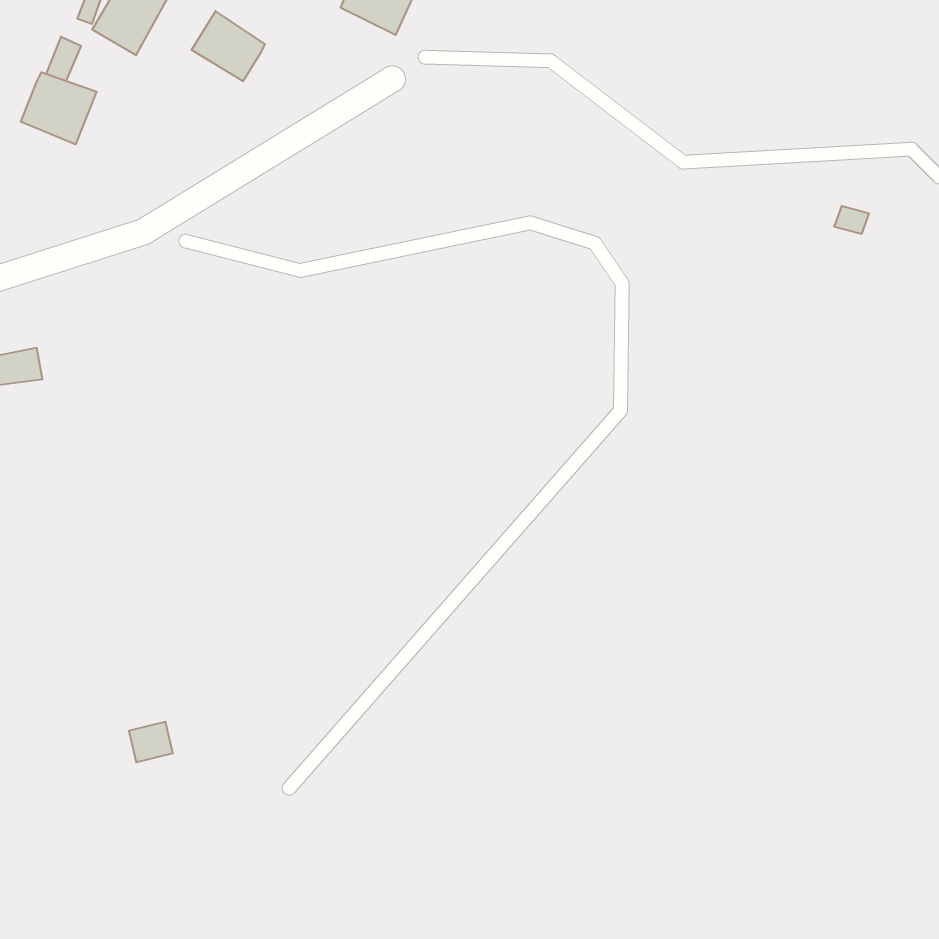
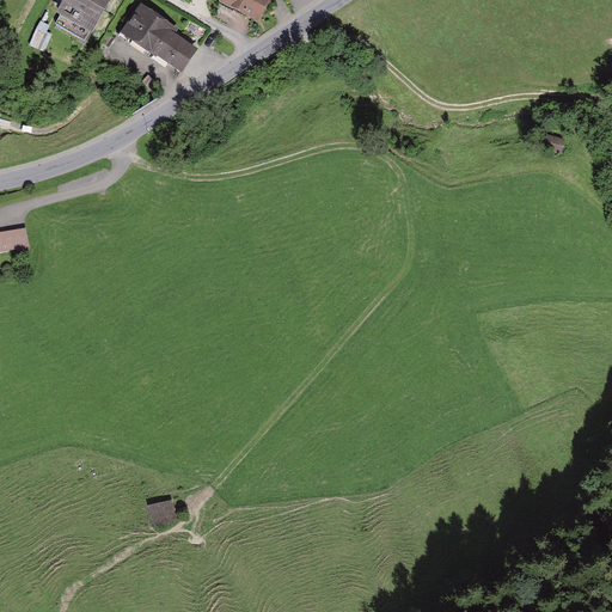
building: none -> [158,33,192,67]
building: [21,72,97,144] -> none
building: [129,722,173,762] -> [147,498,176,525]

